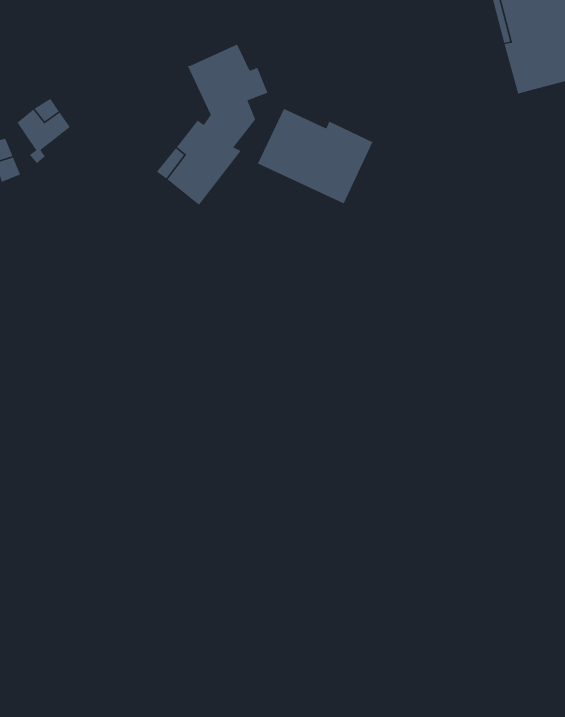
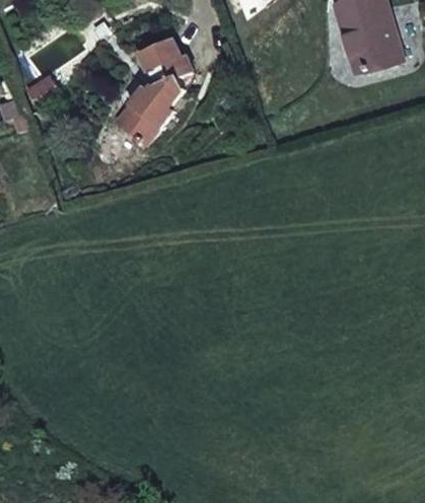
building: [257,108,374,205] -> none

